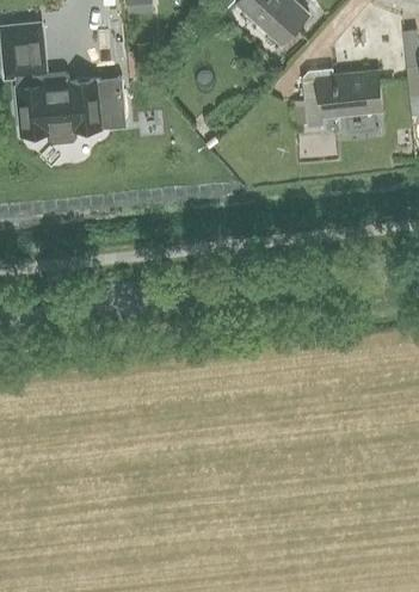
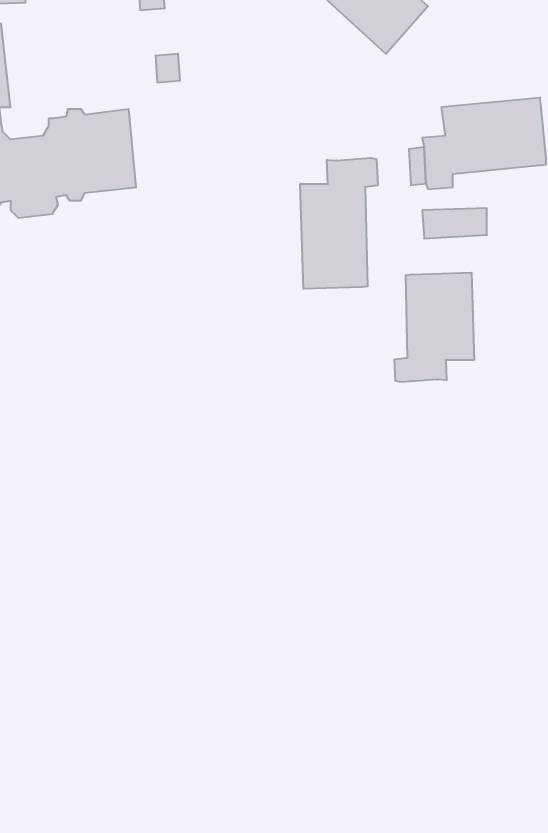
building: none -> [300,158,378,289]
building: none -> [395,273,474,382]

